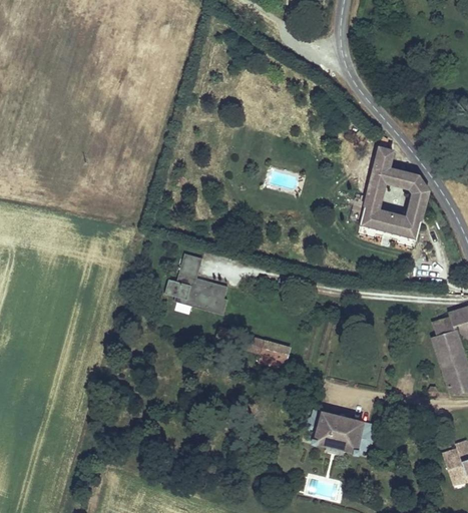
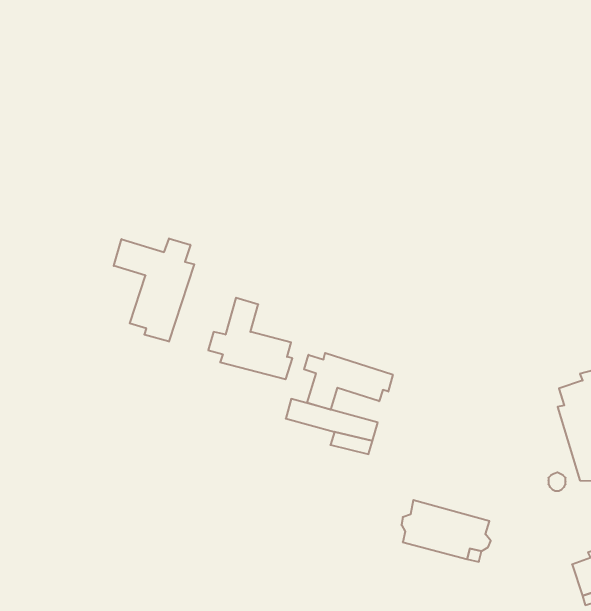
building: [359,142,430,239] -> none
building: none -> [114,238,194,342]
building: none -> [304,353,393,410]

